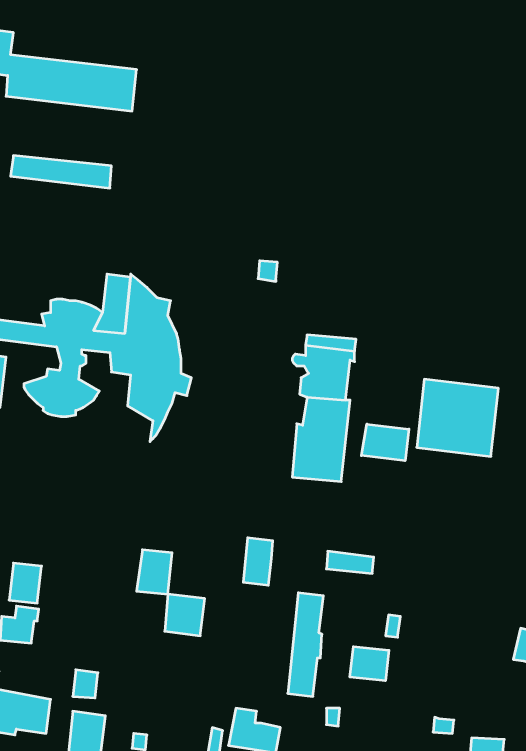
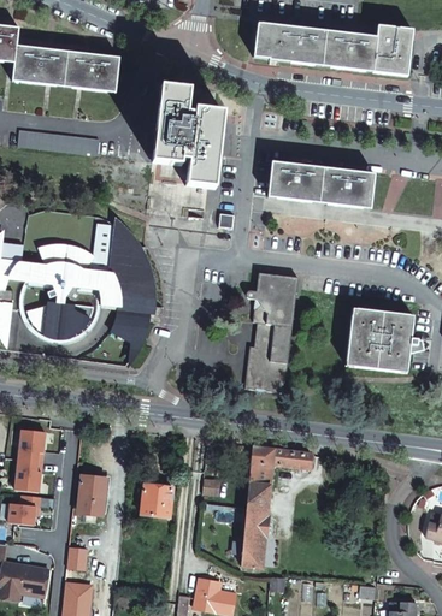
building: none -> [254,22,413,75]
building: none -> [153,85,224,188]
building: none -> [269,161,375,207]
building: [361,424,409,461] -> none
building: none -> [18,427,46,460]
building: [243,538,273,585] -> [251,445,275,484]
building: [137,550,172,594] -> [78,475,107,511]
building: [350,647,389,681] -> none

